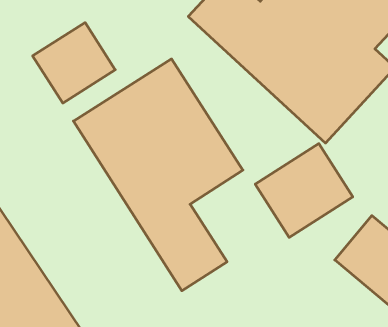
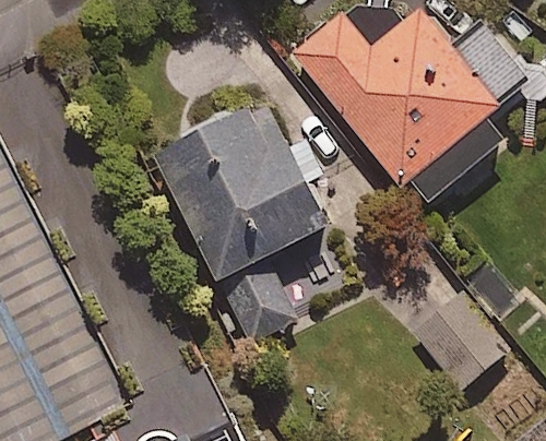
building: [33,23,115,103] -> none
building: [255,144,353,237] -> none

